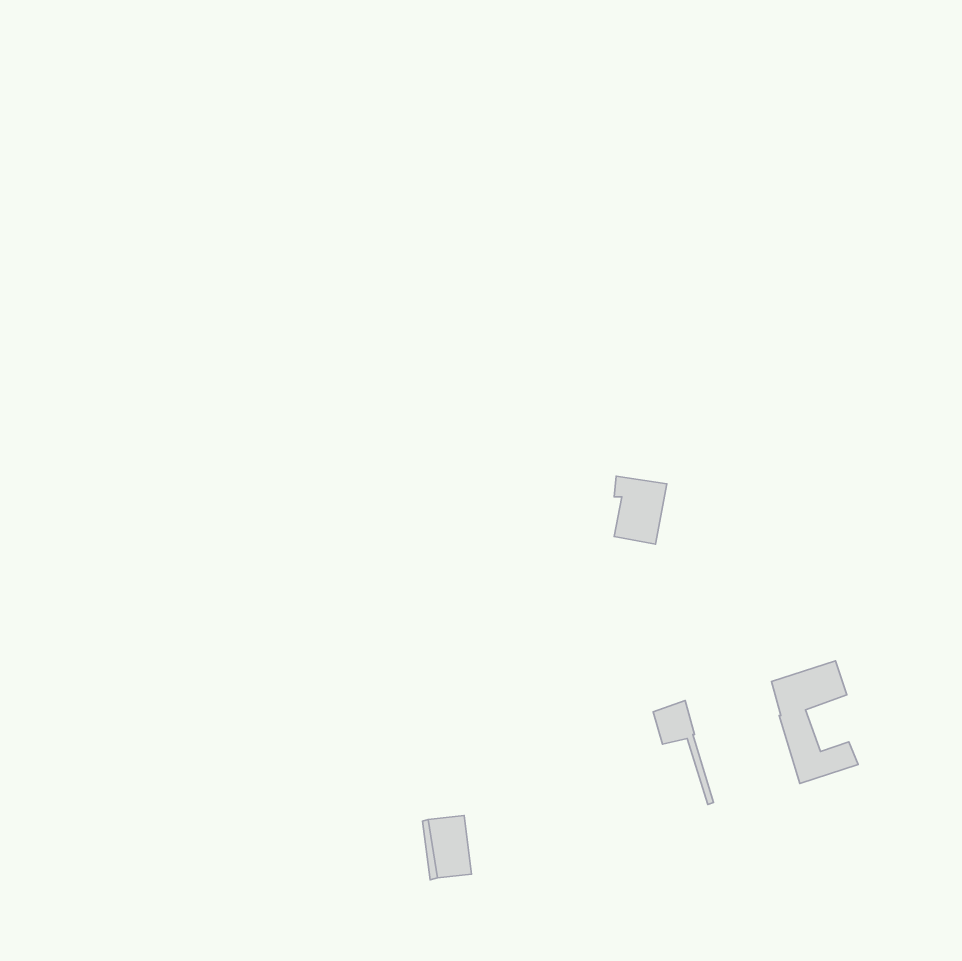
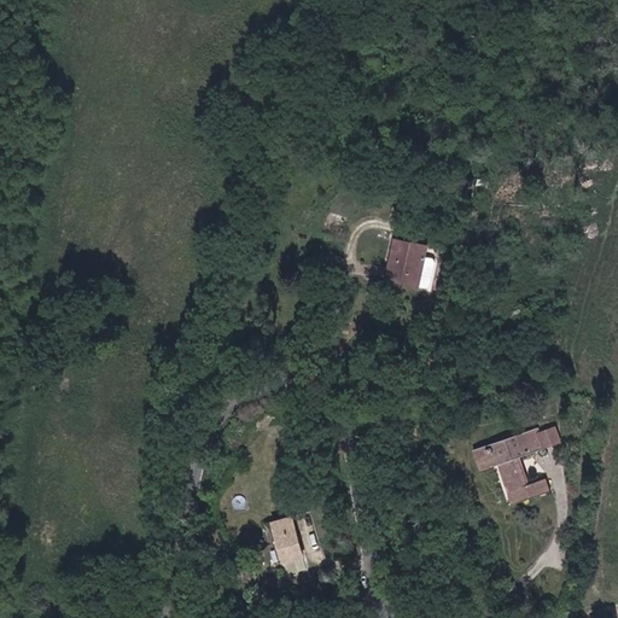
building: [614,476,667,544] -> [391,245,425,288]
building: [653,701,714,804] -> [474,438,513,505]

